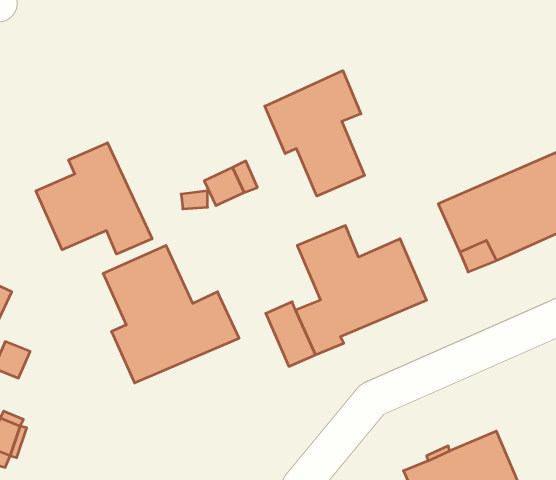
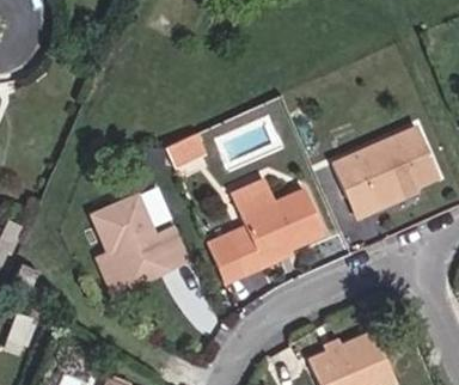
building: [265,71,365,196] -> none
building: [36,143,152,254] -> none

